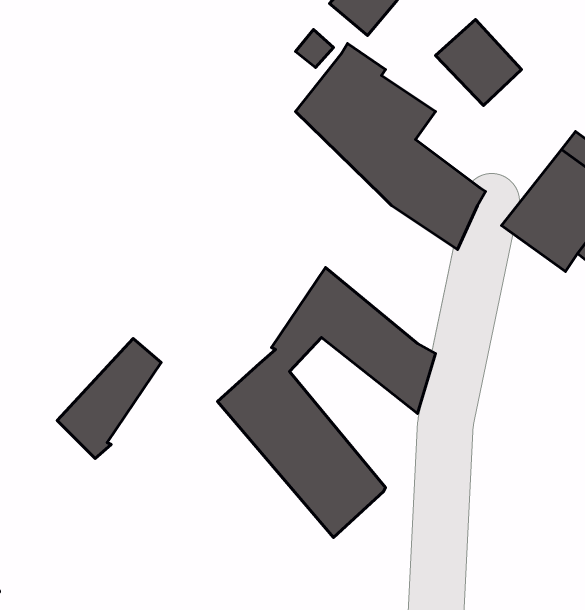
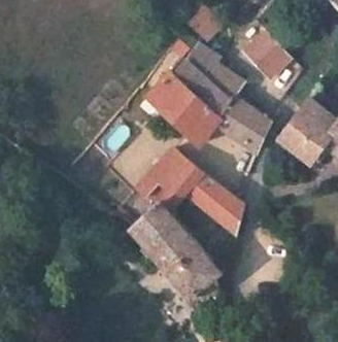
building: none -> [148,75,215,143]
building: [57,338,161,458] -> [133,148,187,210]

